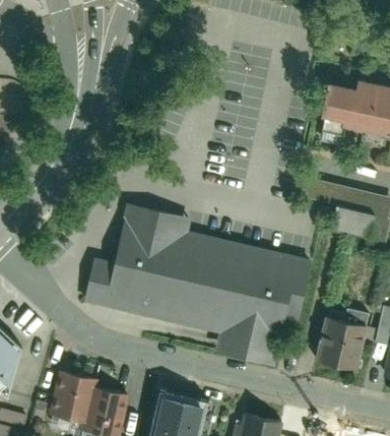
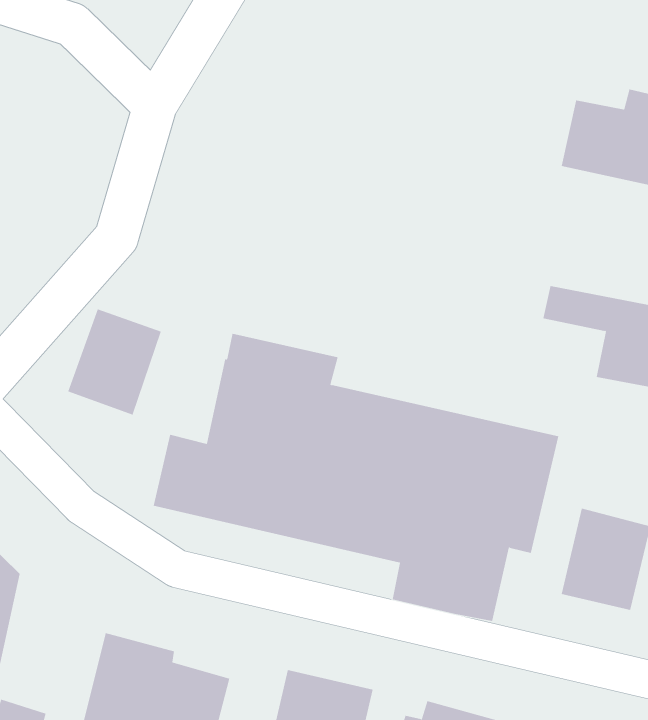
building: none -> [68,309,161,415]

